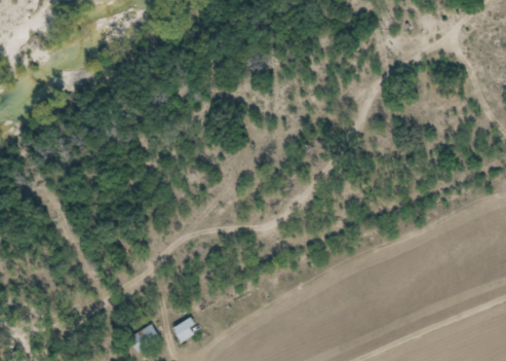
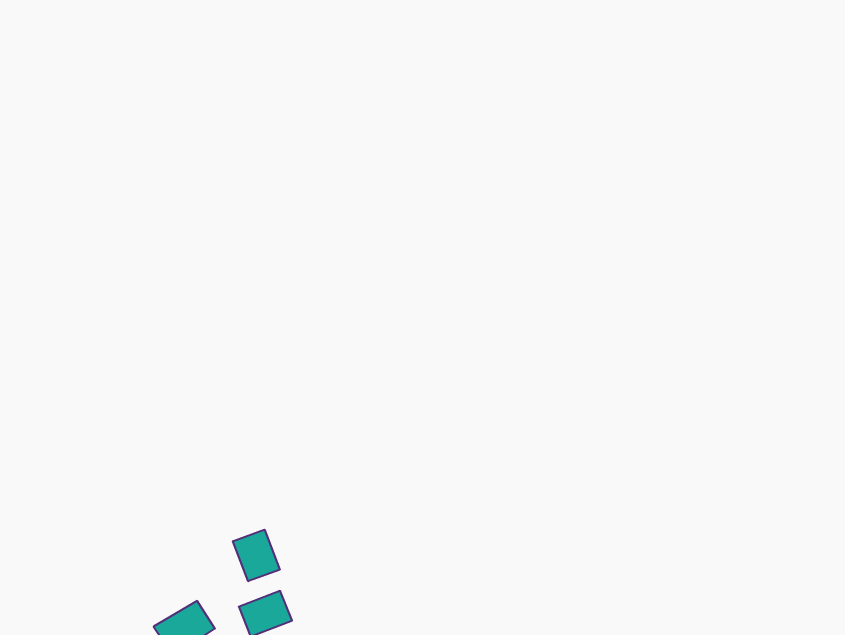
building: none -> [233,530,280,581]

